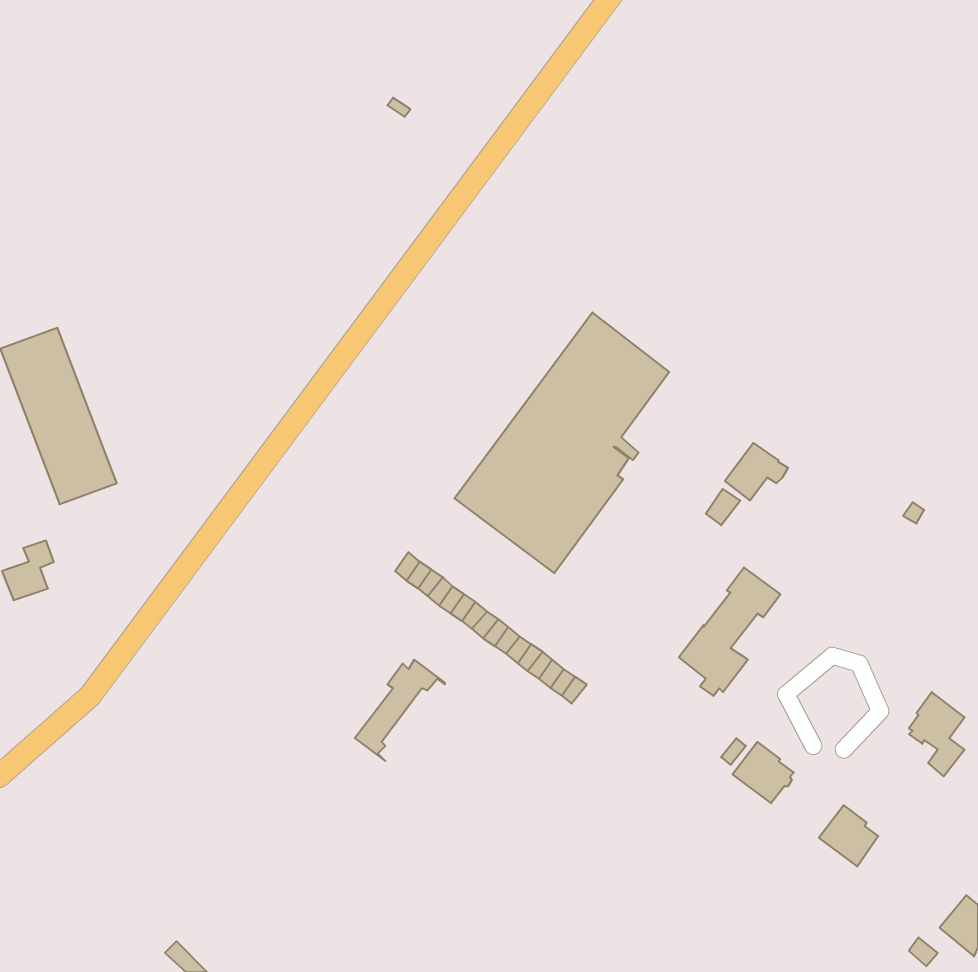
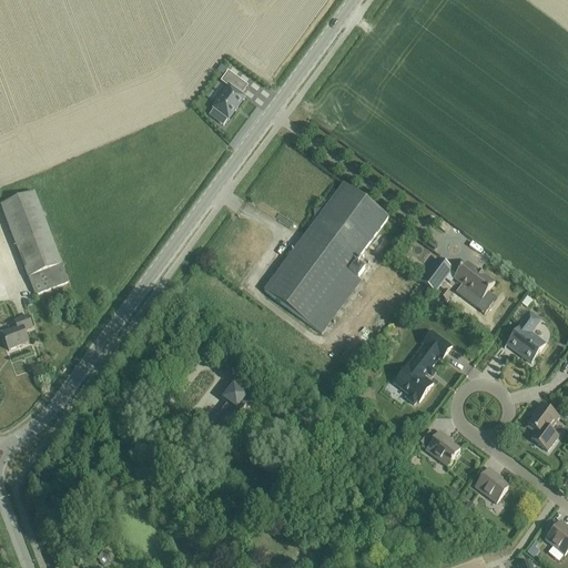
building: none -> [212,69,246,116]
building: none -> [453,258,494,297]
building: none -> [505,310,545,361]

